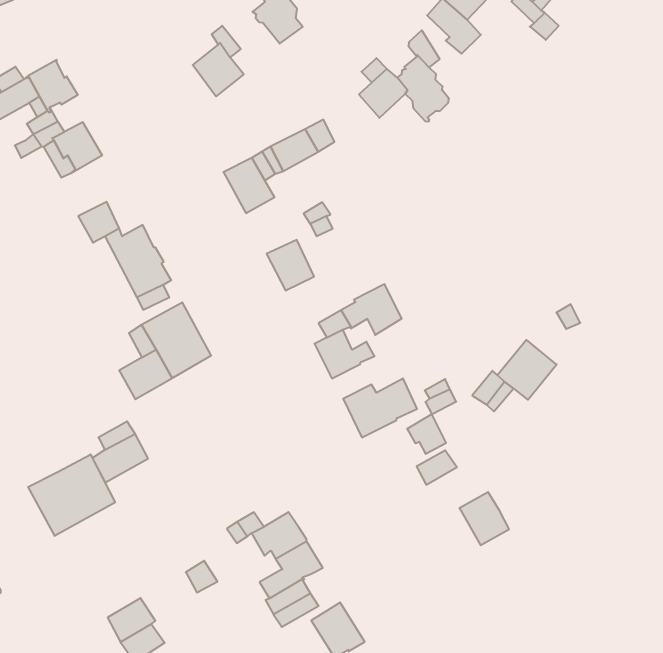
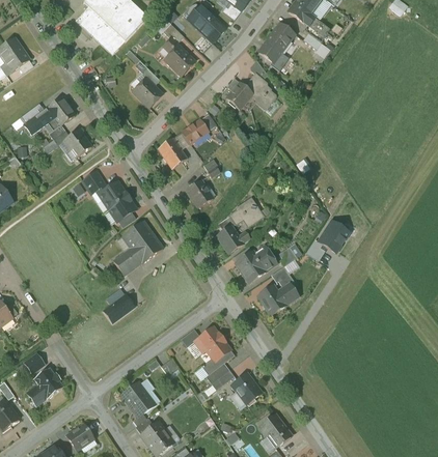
building: [28,454,115,536] -> none
building: [459,492,509,545] -> [257,285,285,314]

